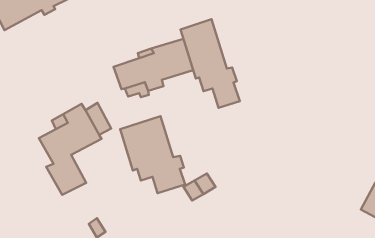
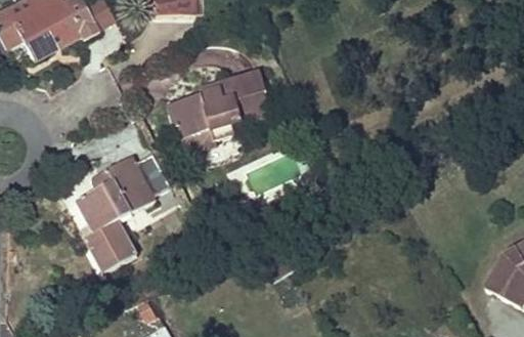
building: [180,19,240,108] -> none
building: [120,116,185,193] -> none

